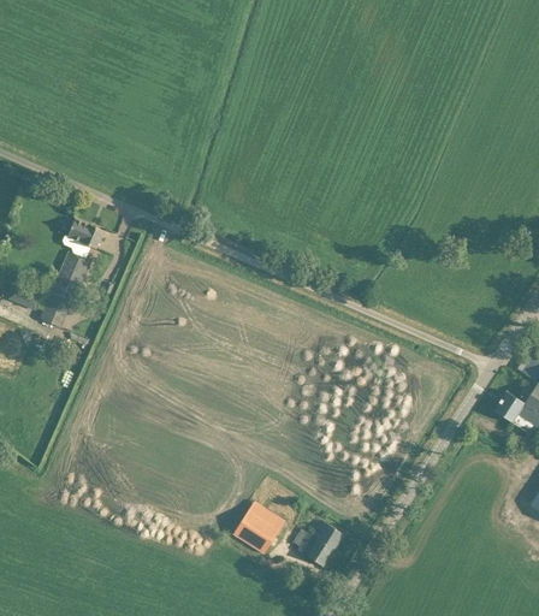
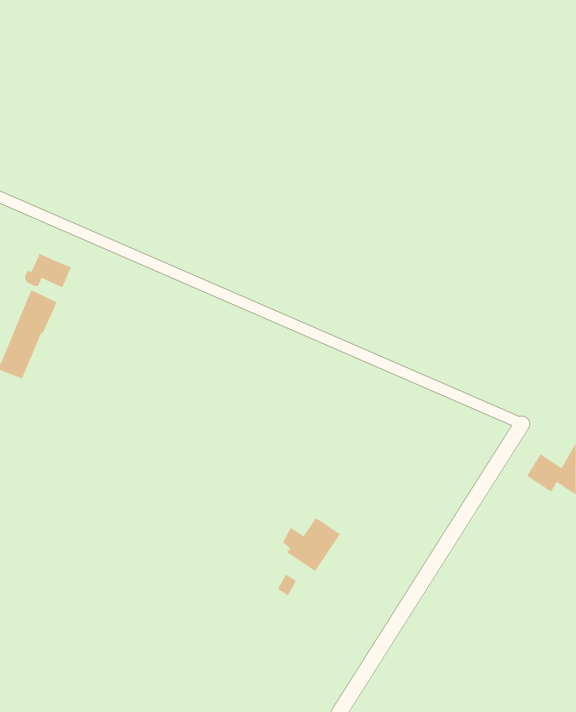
building: [233,510,279,553] -> none
building: [294,520,344,567] -> [282,517,341,572]

